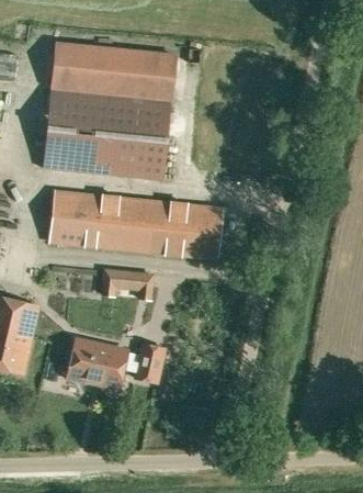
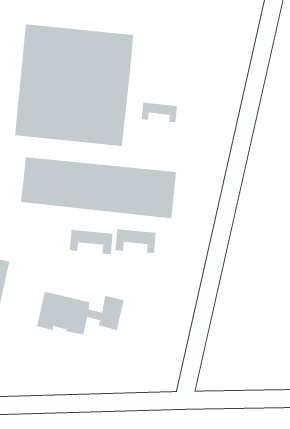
building: none -> [141,102,178,123]
building: none -> [114,228,157,254]

